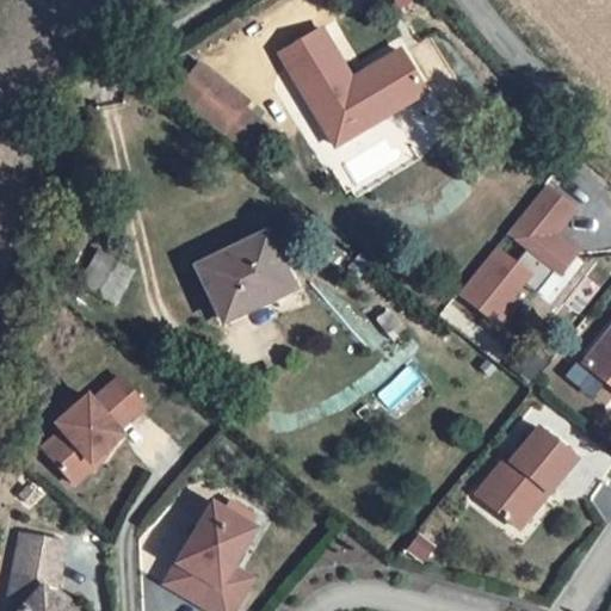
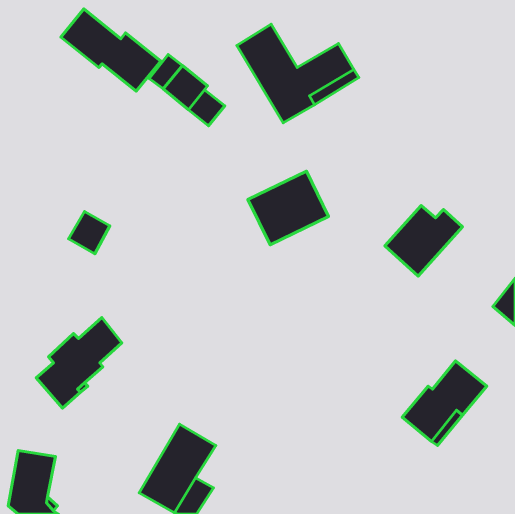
building: none -> [61,9,161,91]
building: [505,180,581,274] -> none
building: [197,233,292,320] -> [248,171,329,245]

